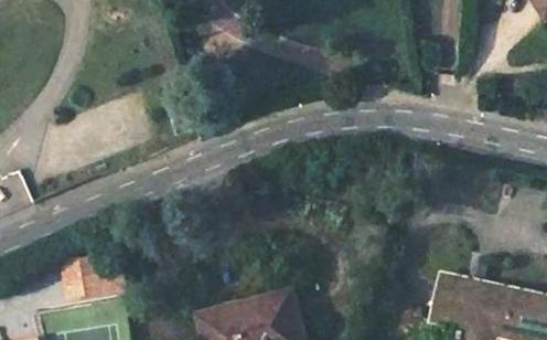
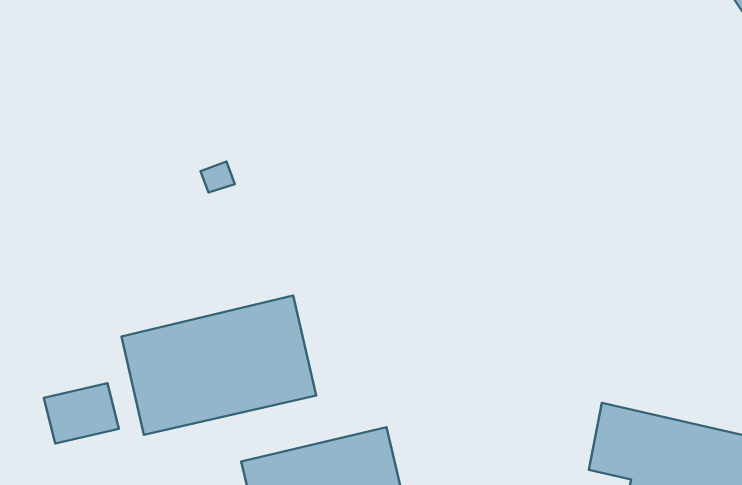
building: none -> [121,295,316,435]

